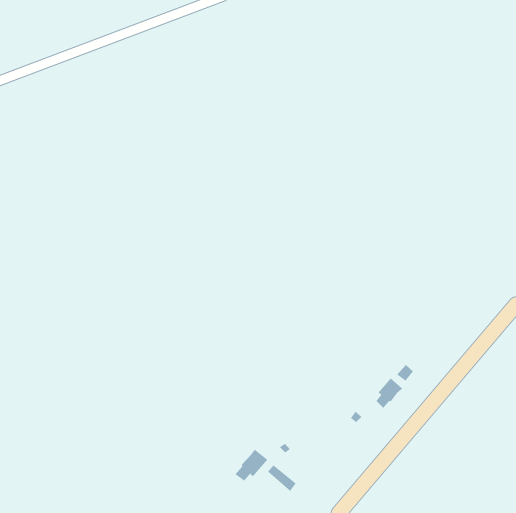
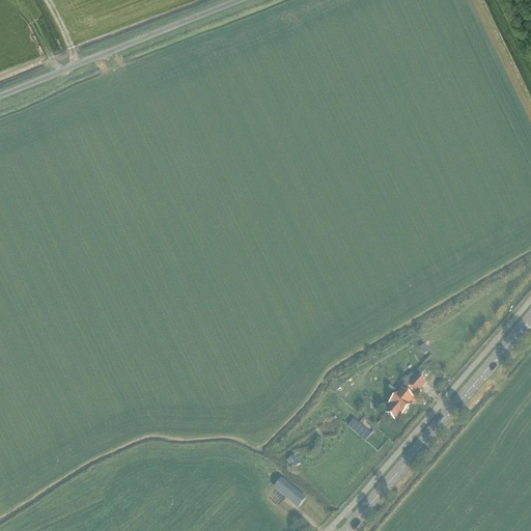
building: [235,449,268,481] -> none

